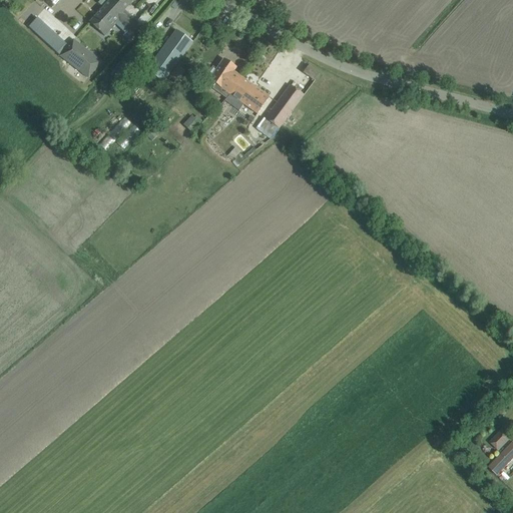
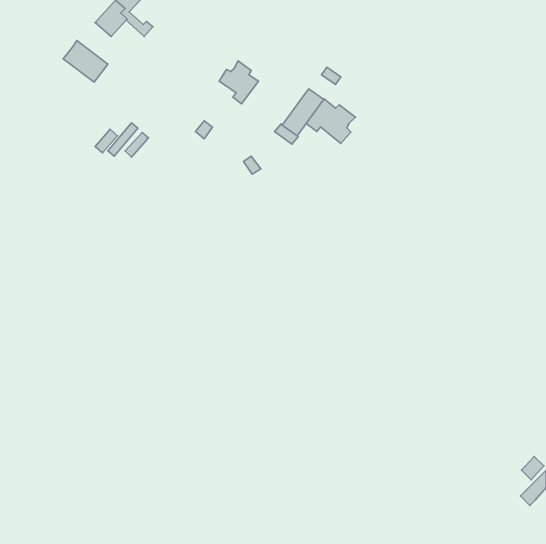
building: [27,16,68,55] -> none
building: [147,29,191,80] -> none
building: [224,76,270,112] -> none
building: none -> [306,99,356,143]

